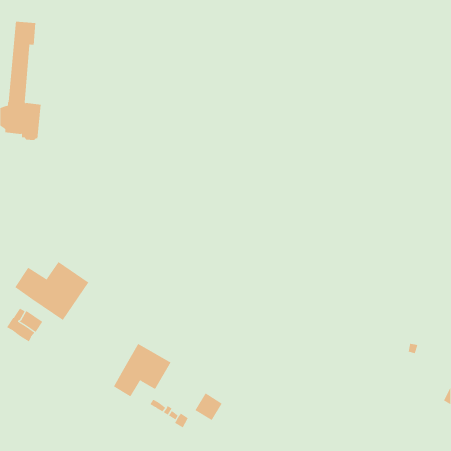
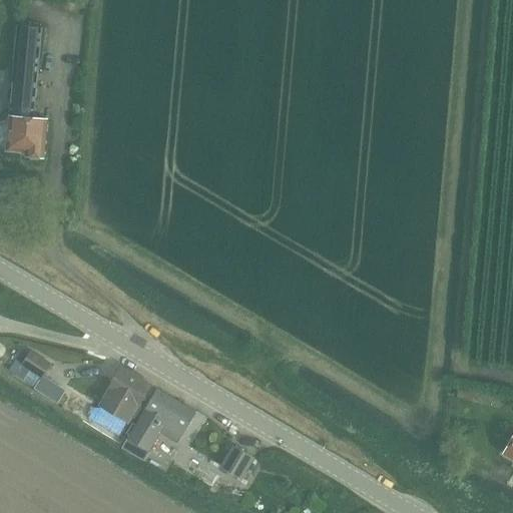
building: [14,261,89,321] -> none
building: none -> [99,367,151,422]

